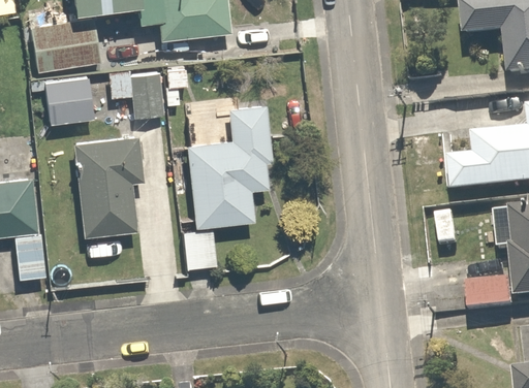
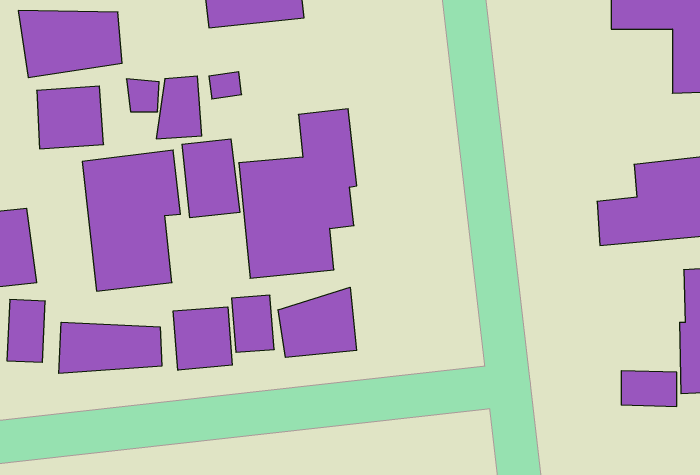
building: none -> [182,139,240,218]
building: none -> [278,287,357,357]
building: none -> [173,307,232,370]
building: none -> [59,322,162,373]

